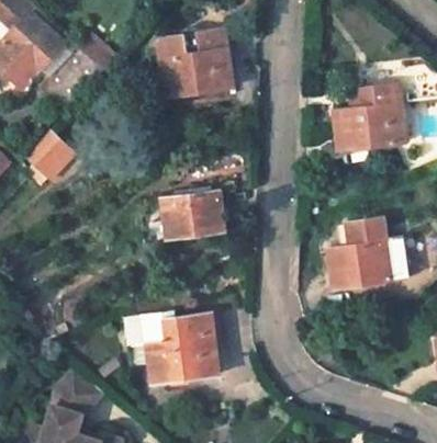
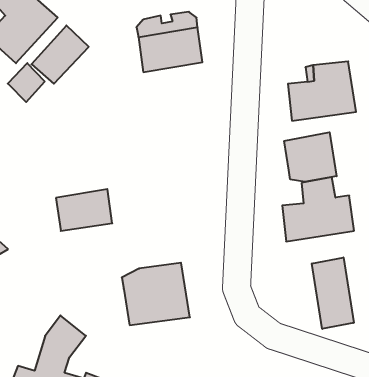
building: [30,135,71,179] -> [8,63,45,102]
building: none -> [284,132,337,182]
building: [160,191,224,238] -> [56,189,112,231]
building: none -> [312,257,354,329]

